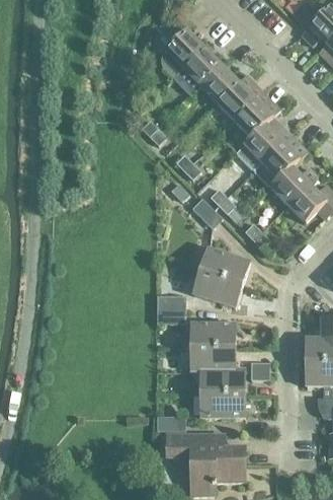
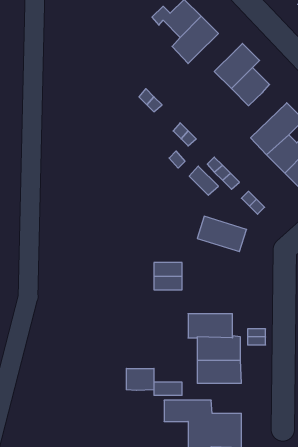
building: [200,64,239,102] -> none
building: [237,124,290,169] -> none
building: [193,271,243,306] -> none
building: [191,324,236,347] -> none
building: none -> [126,368,154,390]

